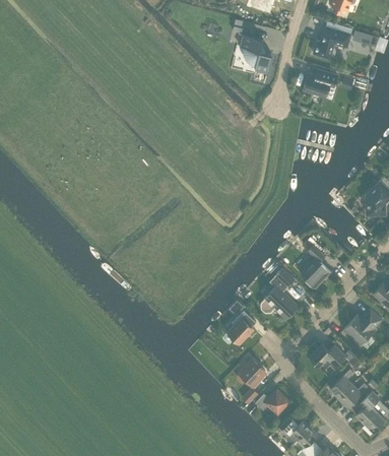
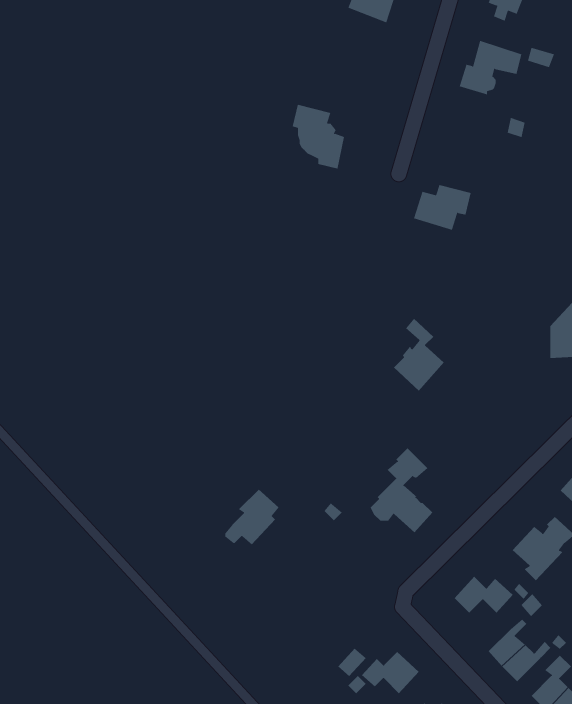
building: [240,35,271,73] -> [292,104,345,169]
building: [303,69,337,96] -> [413,184,471,231]
building: [301,245,331,288] -> [393,318,444,391]
building: [223,311,256,344] -> [225,489,279,545]
building: [240,360,266,386] -> none

